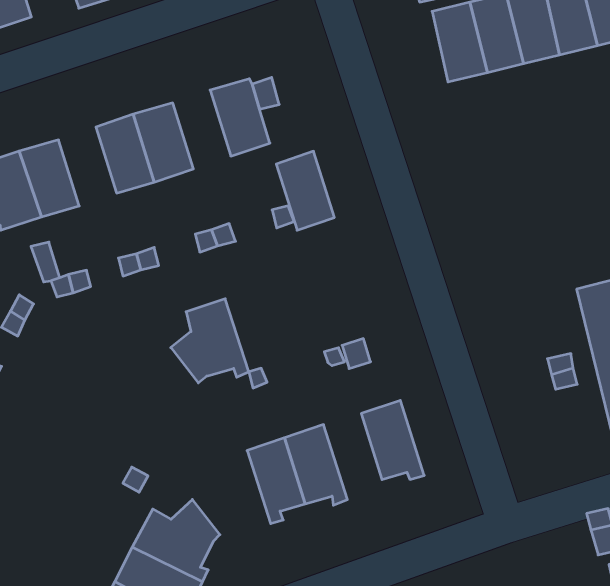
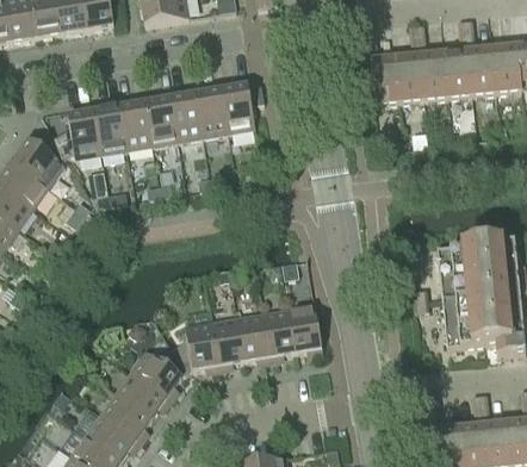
building: none -> [119,101,151,150]
building: [276,151,334,230] -> [196,88,228,137]
building: [171,299,249,383] -> [172,322,219,373]
building: none -> [262,309,294,362]

